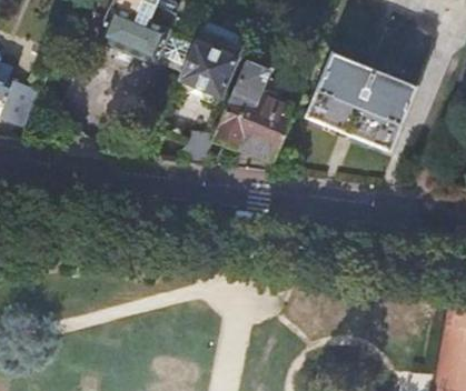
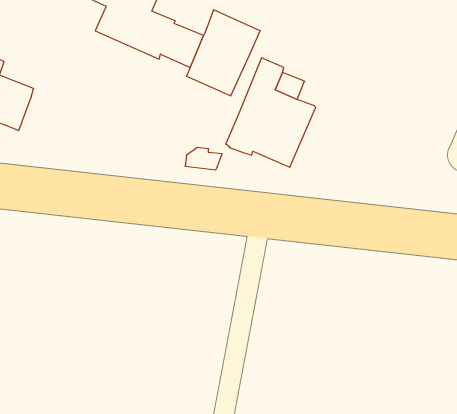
building: [305,52,417,150] -> none

